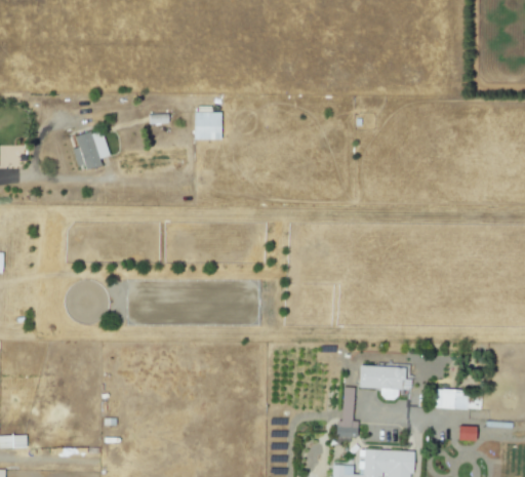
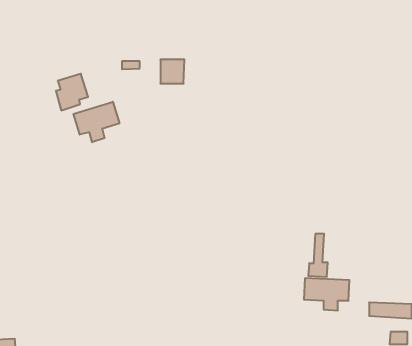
building: none -> [73,102,119,142]
building: [336,387,359,436] -> [308,234,328,277]

